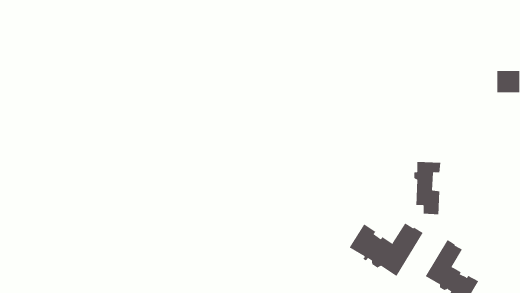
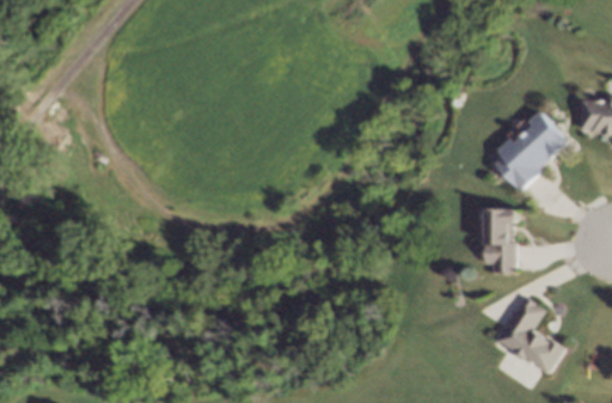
building: none -> [496,114,567,191]
building: [349,222,423,277] -> none

